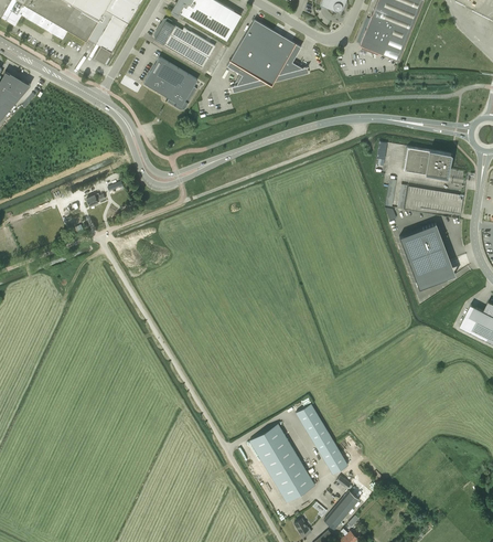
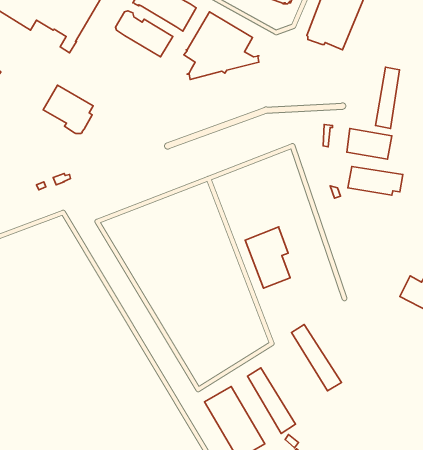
building: [143,57,197,109] -> [43,85,93,133]
building: none -> [375,67,400,129]
building: [399,223,448,289] -> [245,227,290,288]
building: none -> [291,324,342,391]

